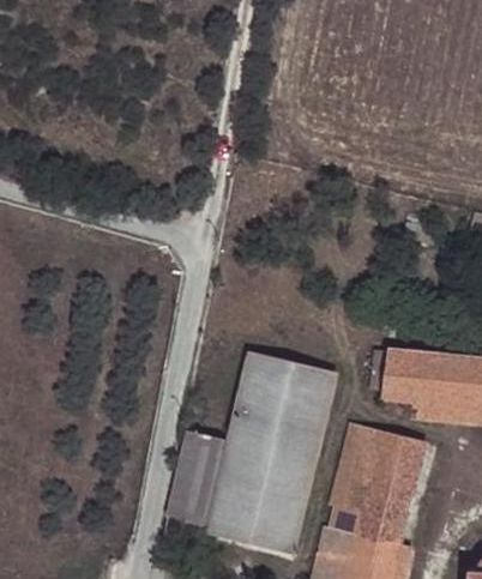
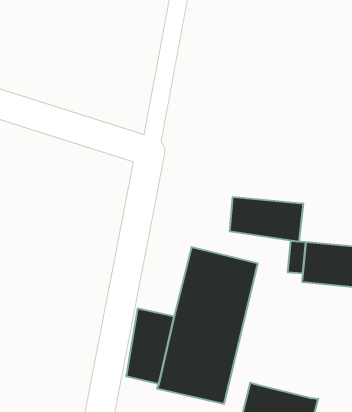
building: none -> [230,197,303,242]
building: [331,423,427,548] -> none

